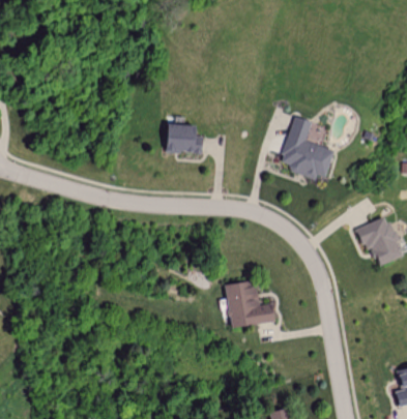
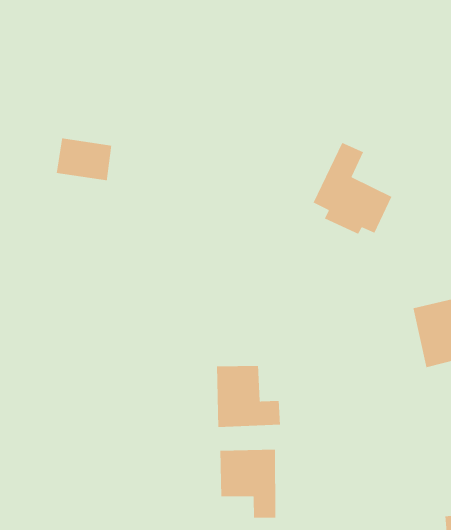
building: [164,124,201,151] -> [56,137,112,181]
building: none -> [219,449,276,519]

